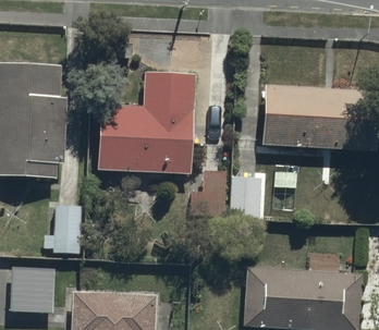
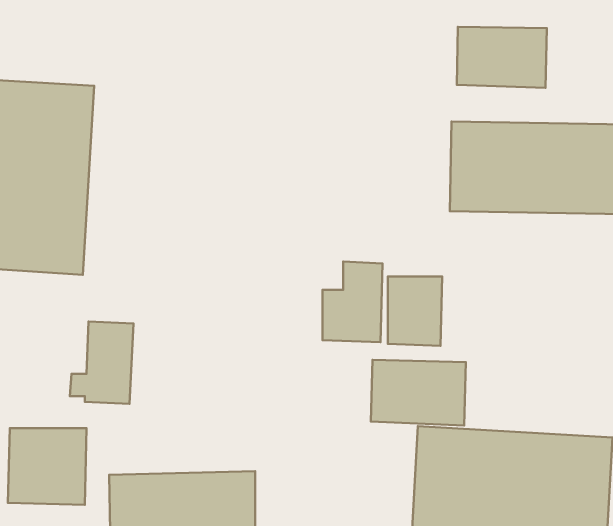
building: none -> [457,27,547,88]
building: [97,74,196,173] -> none
building: none -> [371,360,466,426]

